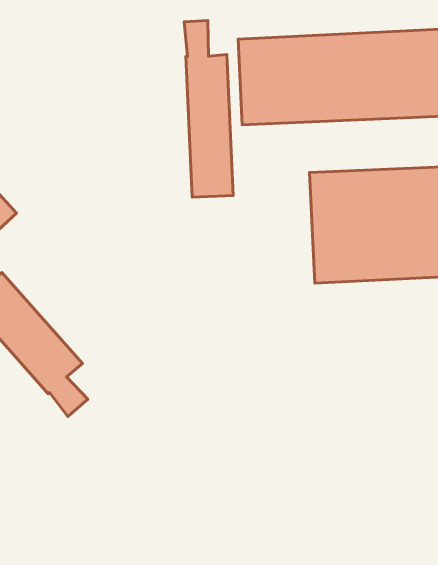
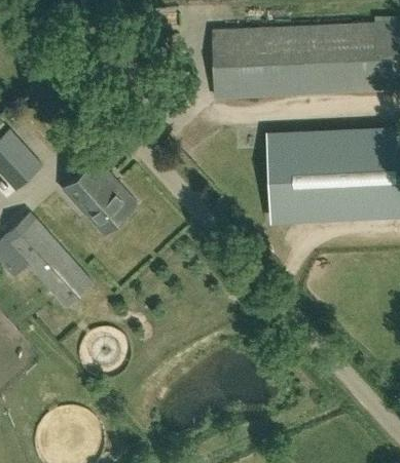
building: [184,20,233,197] -> none
building: none -> [63,160,136,235]

